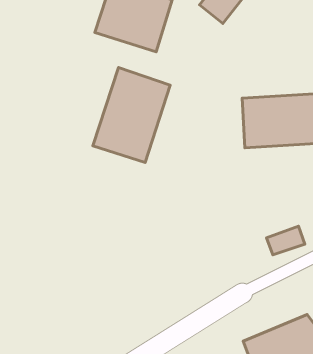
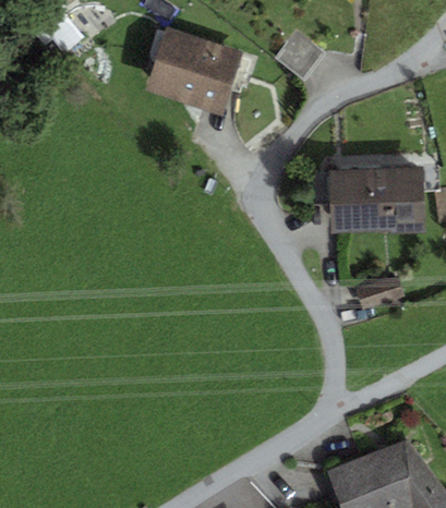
building: [93,67,170,163] -> none
building: [267,226,305,255] -> [355,273,402,307]

